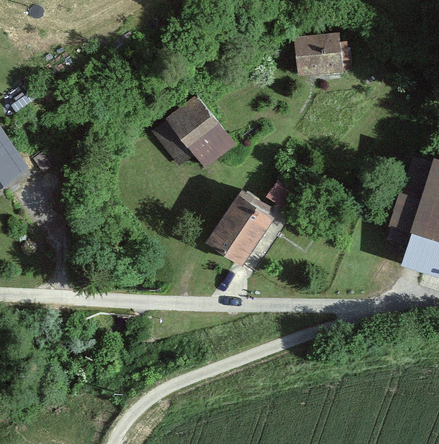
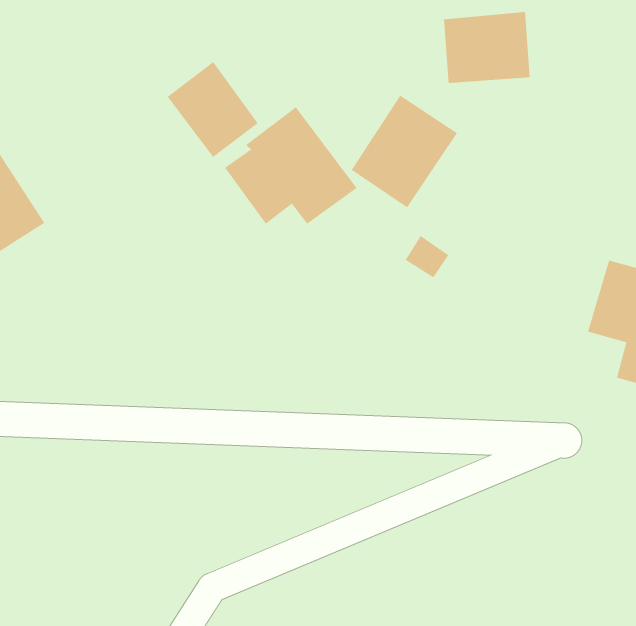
building: none -> [167,61,258,158]
building: [207,191,277,265] -> [351,95,458,208]

